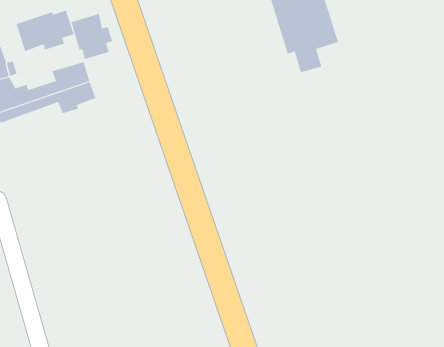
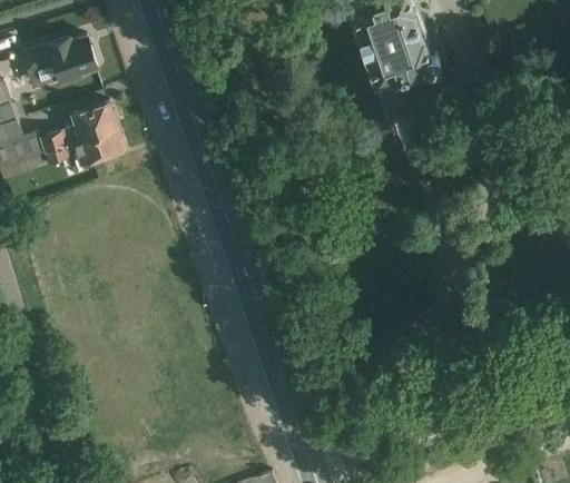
building: [71,13,113,60] -> none

